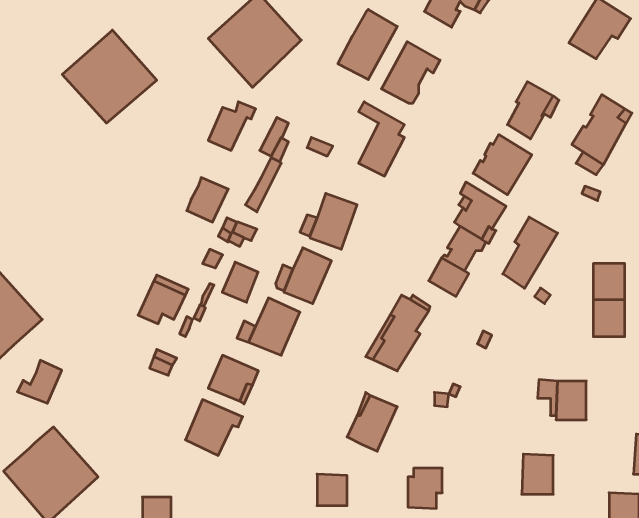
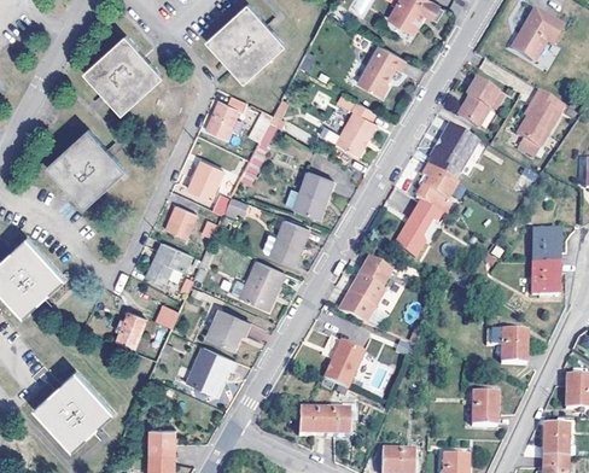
building: [338,9,397,80] -> none
building: none -> [47,130,126,209]
building: [503,217,558,288] -> none
building: [222,262,258,302] -> [165,205,196,239]
building: [17,360,62,403] -> [109,311,146,348]
building: [408,468,442,508] -> [323,404,352,438]

